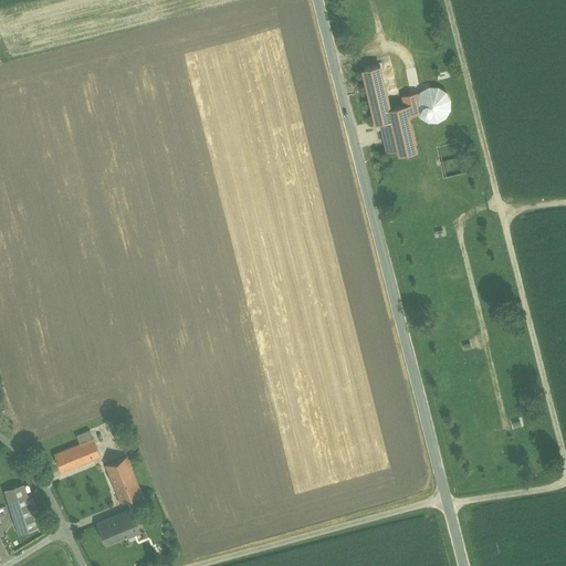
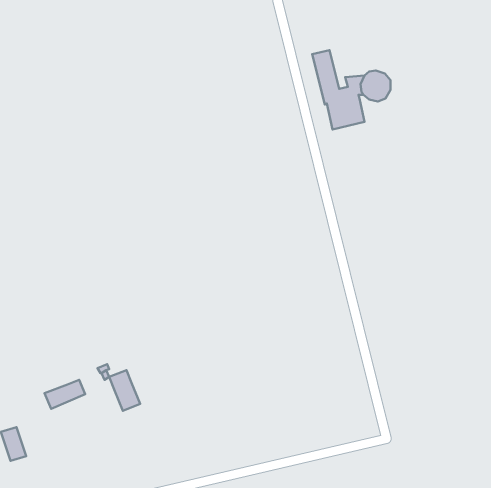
building: [103,457,138,503] -> [109,370,140,411]
building: [103,509,143,542] -> none

